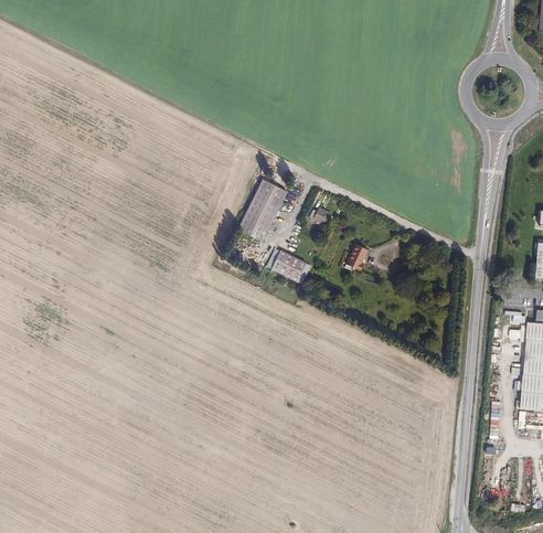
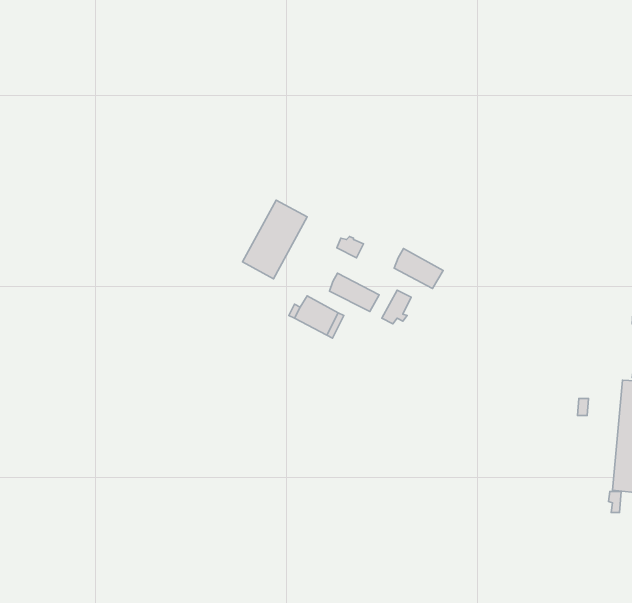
building: none -> [394,249,443,289]
building: none -> [329,273,379,312]

